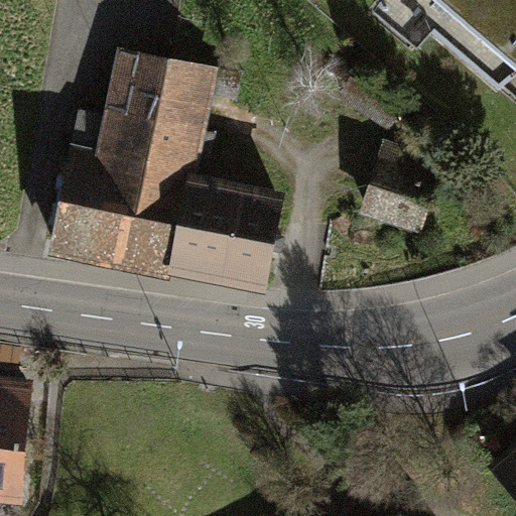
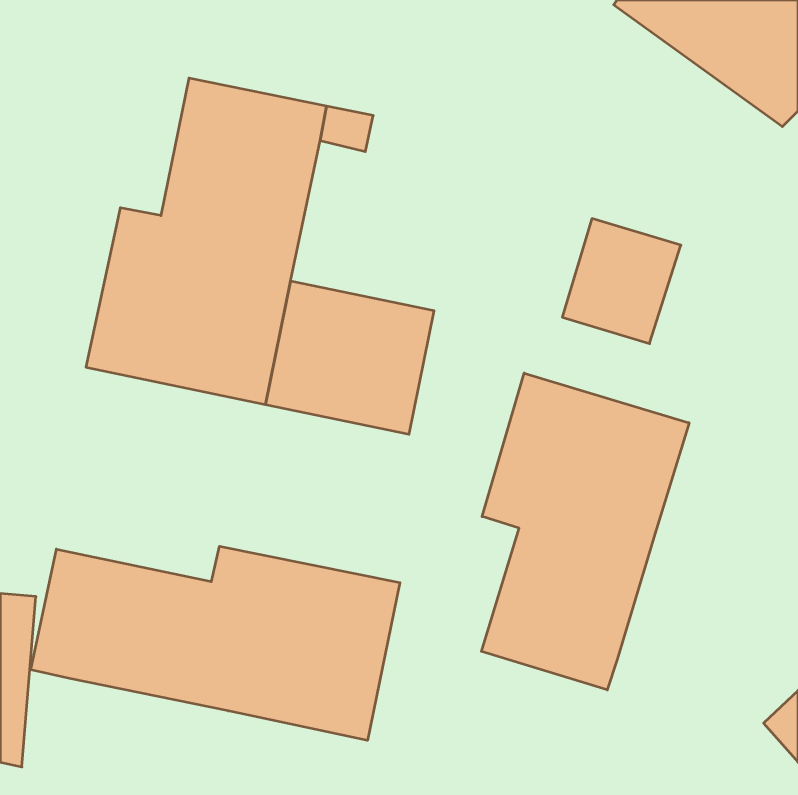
building: none -> [481,373,689,690]
building: none -> [31,546,400,740]

